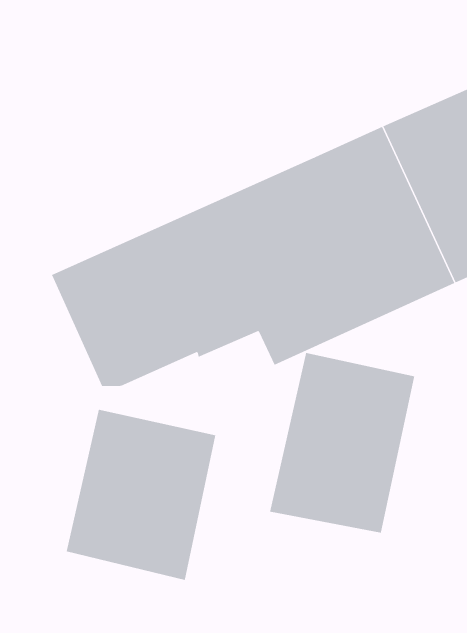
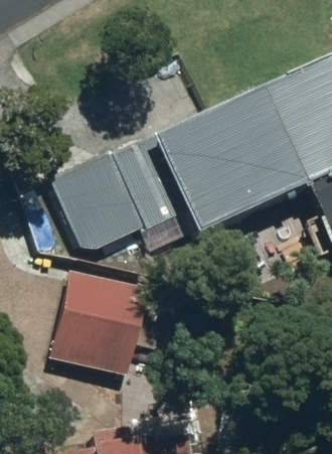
building: [270,352,415,533] -> none

